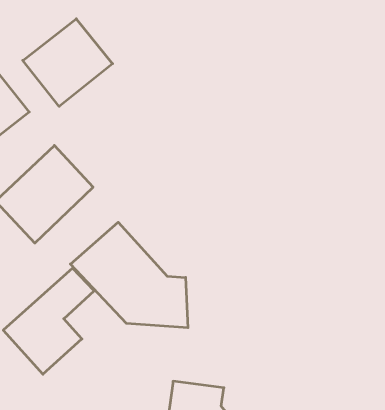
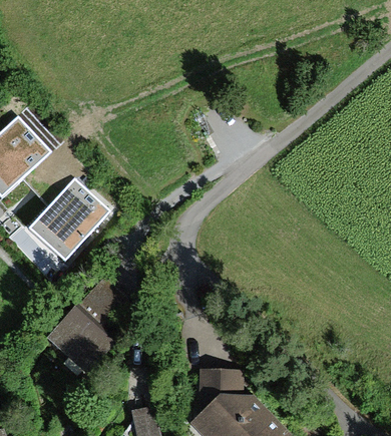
building: [23,19,113,106] -> none
building: [70,222,188,328] -> none

